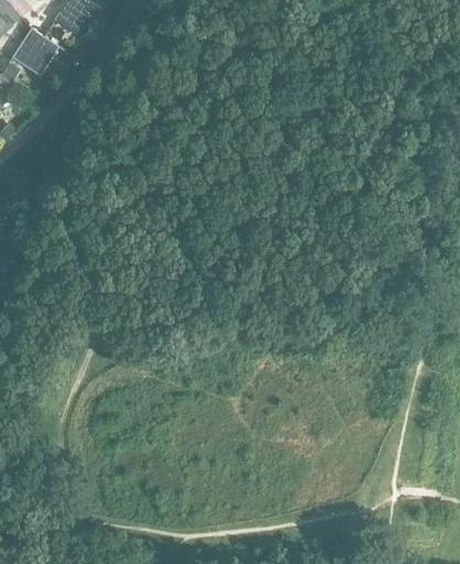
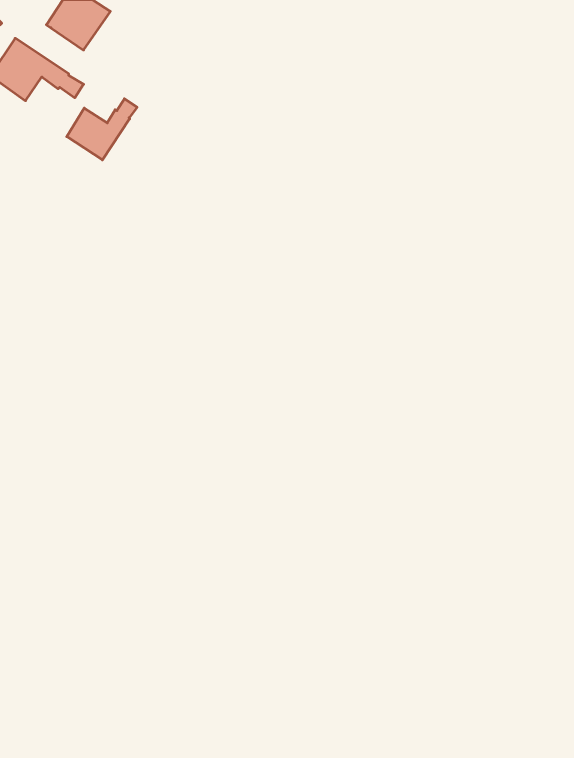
building: none -> [67,99,137,160]

